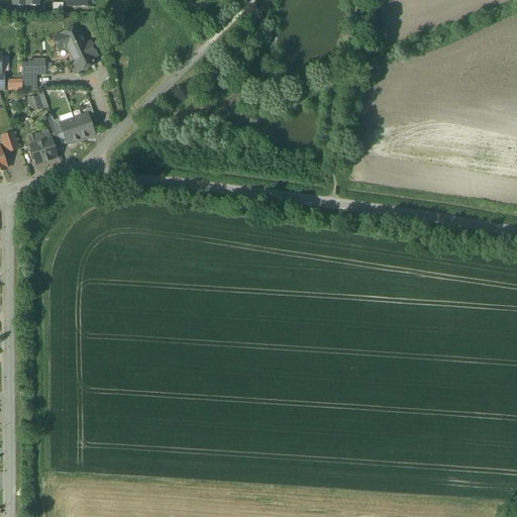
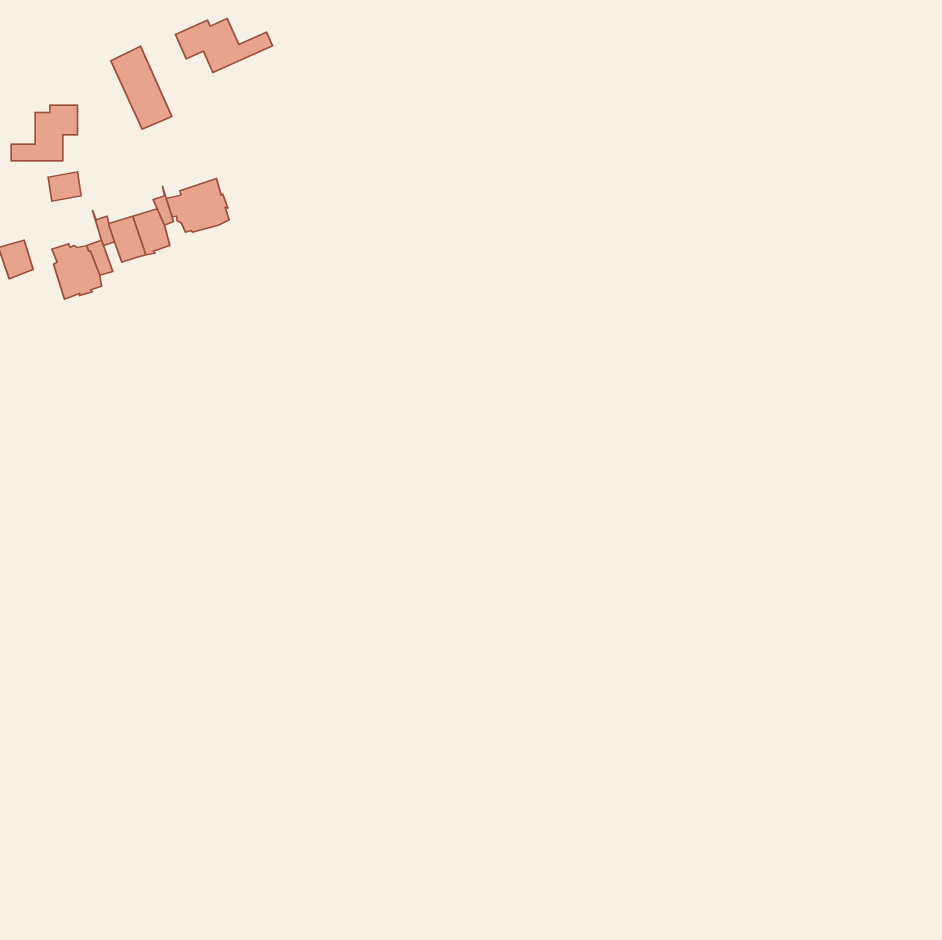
building: none -> [175,19,273,72]
building: none -> [166,178,229,232]

